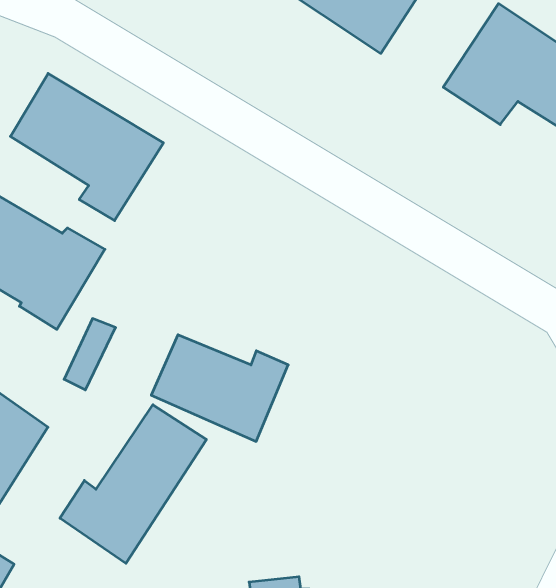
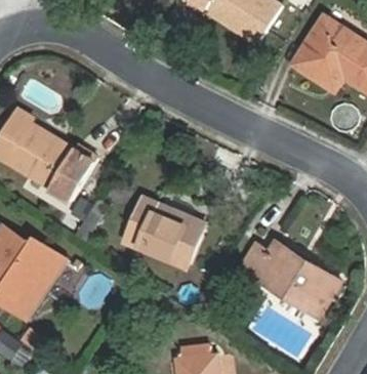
building: [10,73,163,221] -> none
building: none -> [240,244,339,317]
building: [60,405,206,563] -> none

